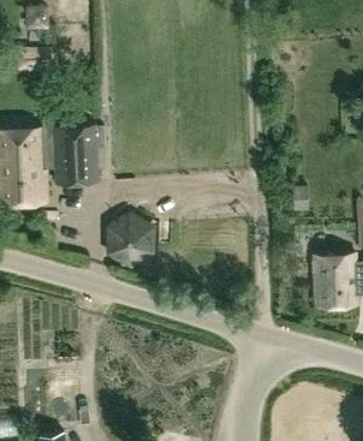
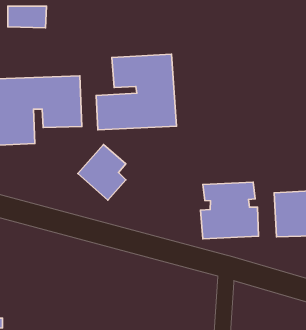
building: none -> [96,54,176,130]
building: none -> [201,182,259,239]

